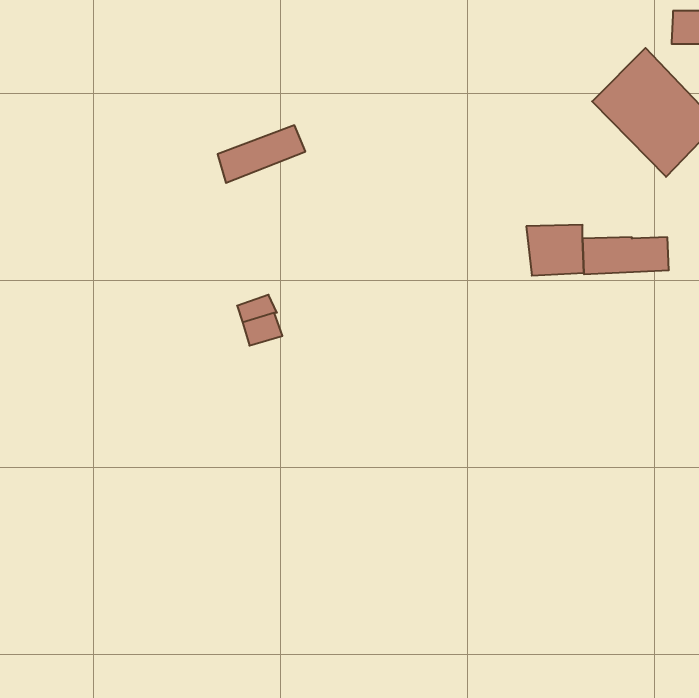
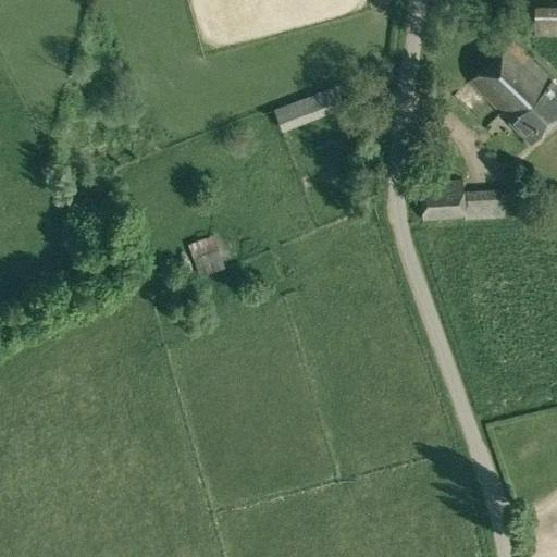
building: [218,125,305,183] -> [275,87,345,133]

